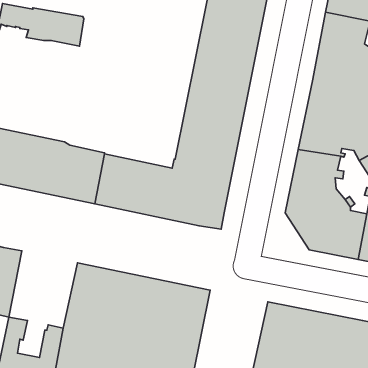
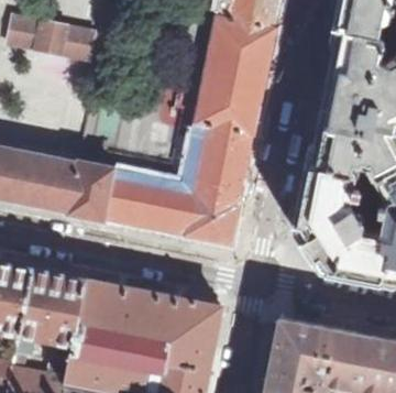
building: none -> [18,266,87,345]

